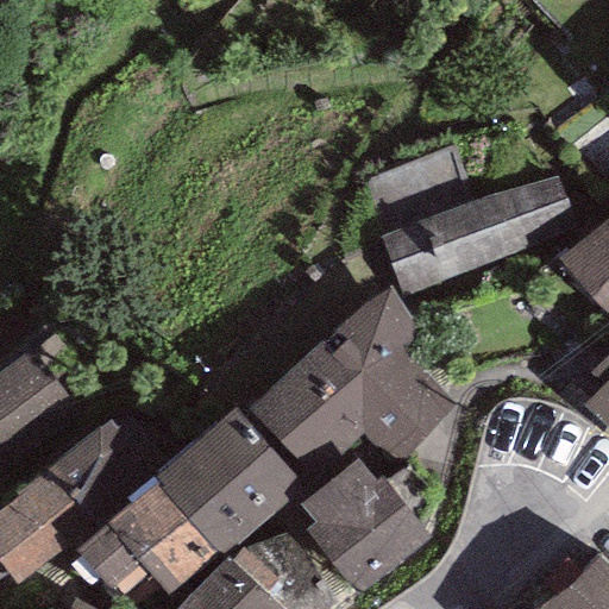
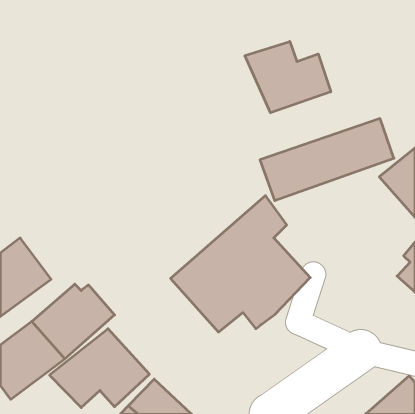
building: none -> [245,41,331,113]
building: [153,407,304,554] -> none
building: [299,458,431,594] -> none

